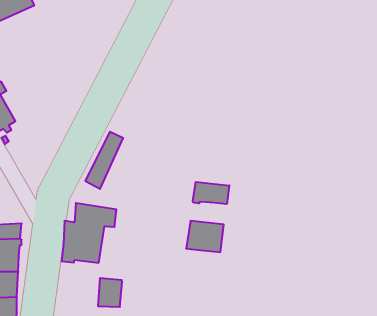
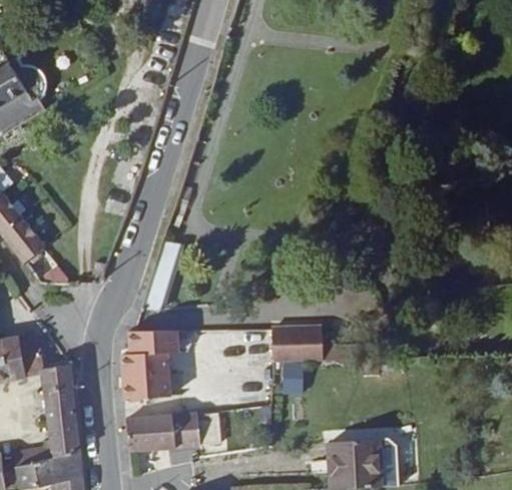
building: [193,182,229,204] -> none
building: none -> [127,416,176,453]

